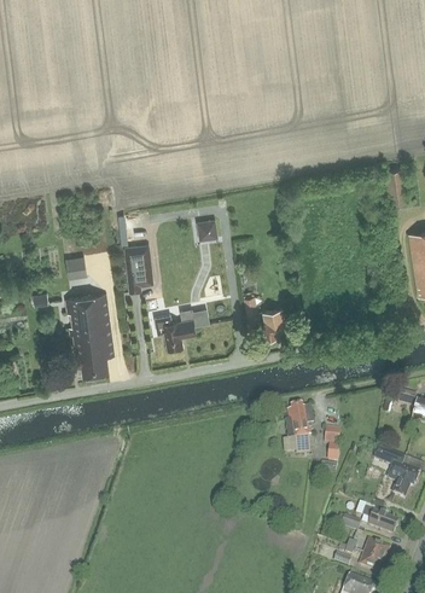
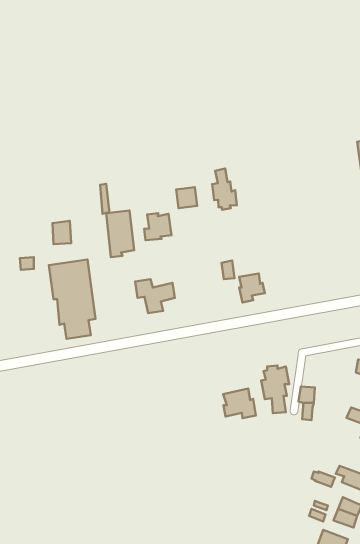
building: none -> [212,168,237,210]
building: none -> [144,213,172,240]
building: none -> [223,389,256,418]

